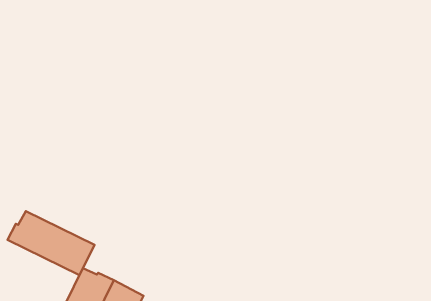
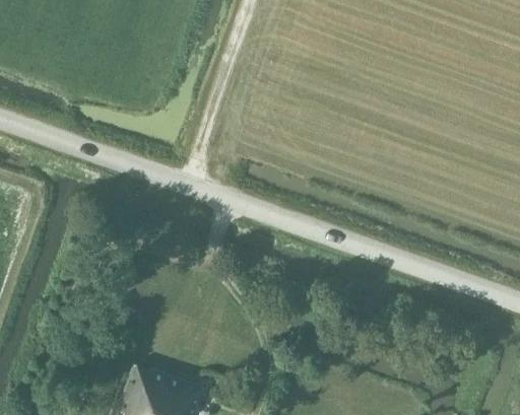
building: [8,211,94,275] -> none

